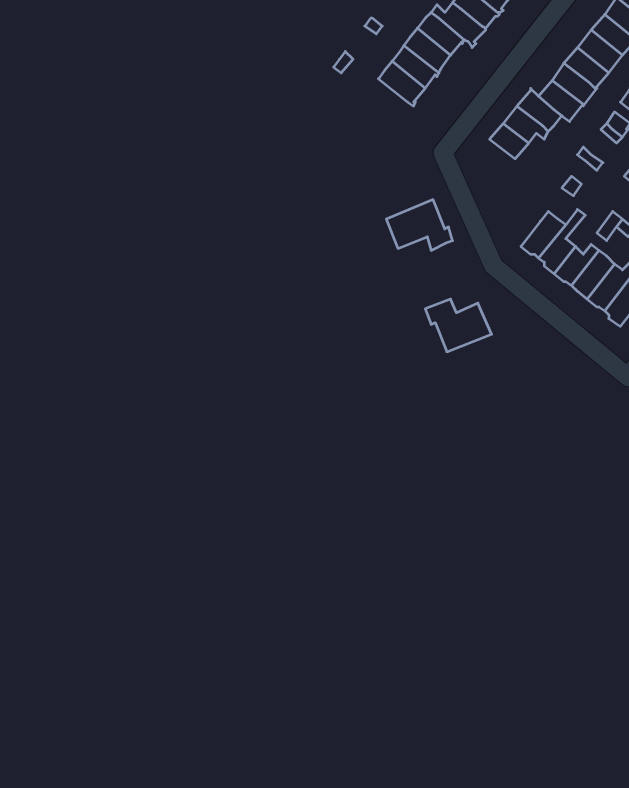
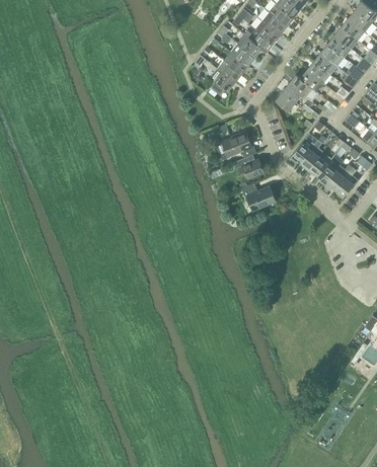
building: none -> [208,64,235,95]
building: none -> [233,154,263,179]

